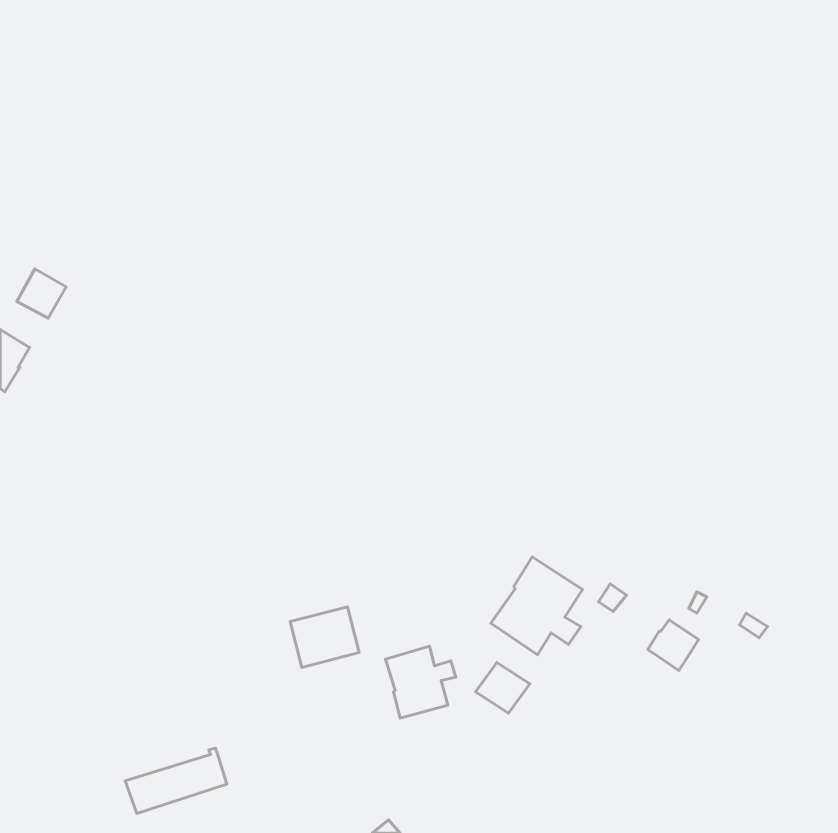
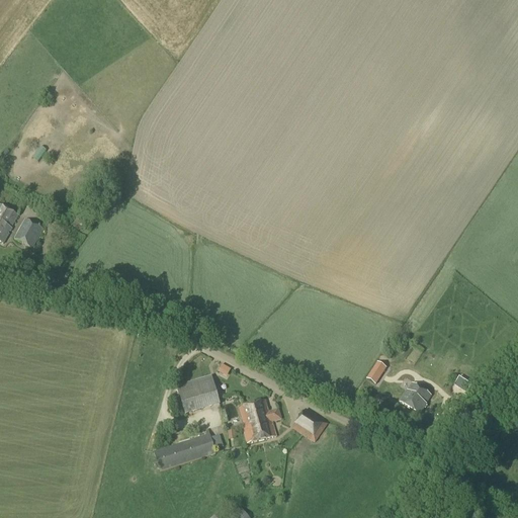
building: [17,269,66,318] -> [13,218,44,248]
building: [491,557,582,655] -> none
building: [125,748,227,814] -> [153,430,215,470]

